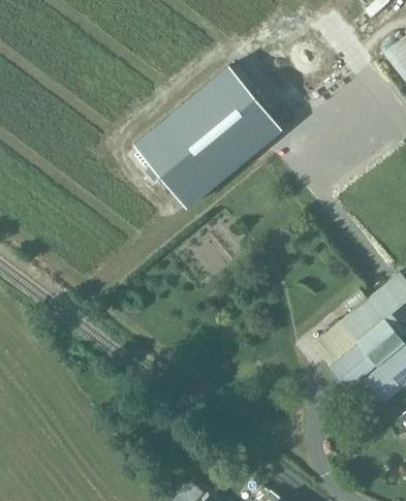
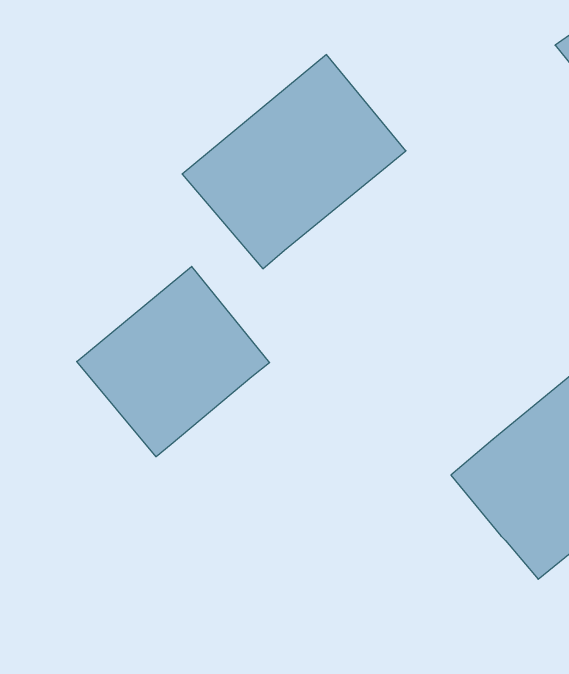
building: none -> [77,266,270,457]

